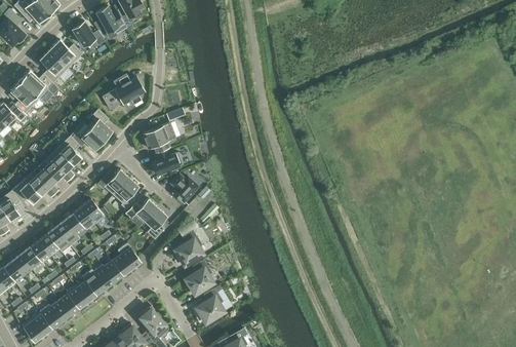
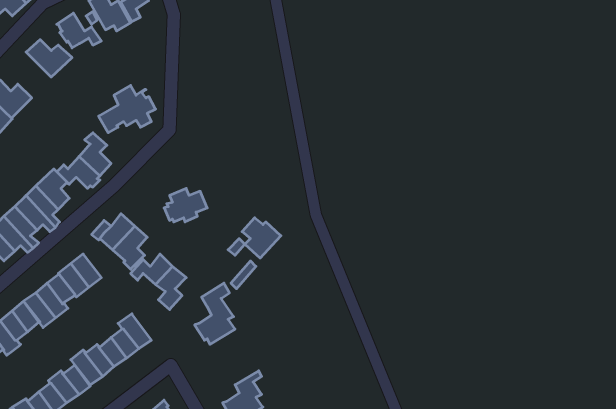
building: [39,49,68,83] -> none
building: [143,123,176,154] -> none
building: [170,174,199,203] -> [242,218,281,258]
building: [184,260,213,294] -> none

